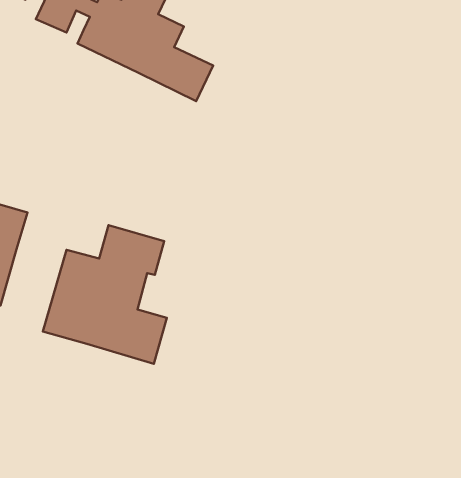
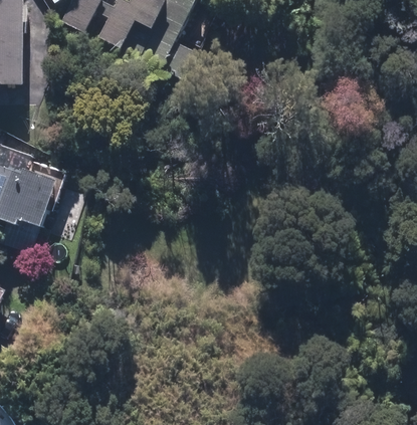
building: [43,225,167,364] -> none

